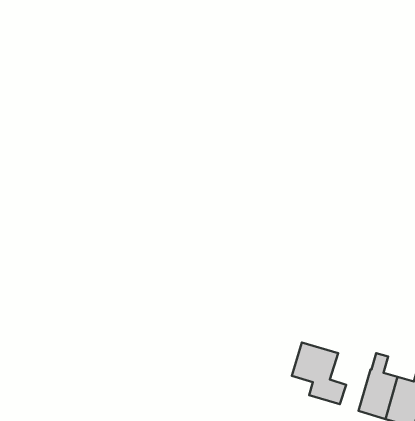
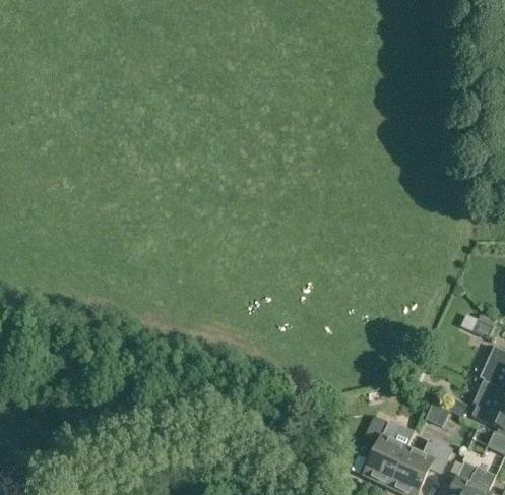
building: [292,342,346,404] -> none

